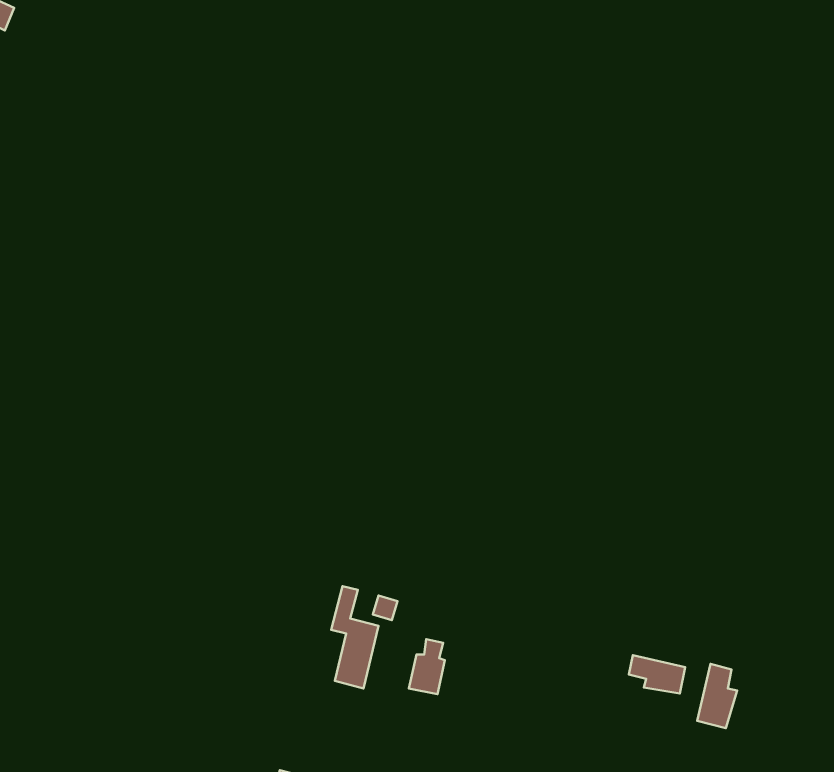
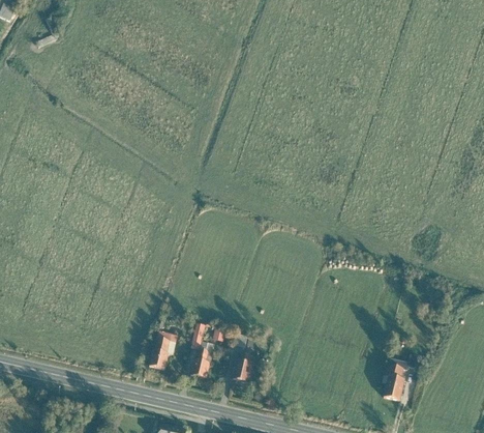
building: none -> [149,333,175,371]
building: [629,655,685,694] -> none

